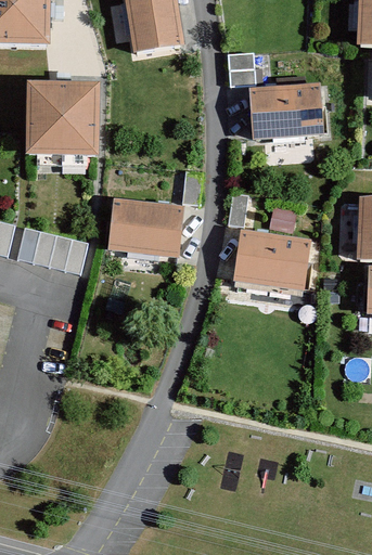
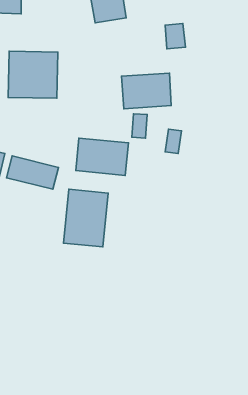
building: [252,87,318,134] -> [122,73,171,109]
building: [236,236,305,287] -> none
building: none -> [64,189,108,247]

